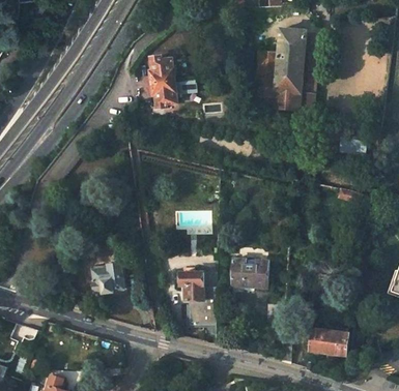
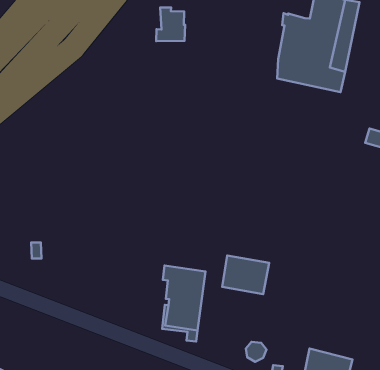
building: [150,79,195,106] -> none
building: [92,263,123,296] -> none

